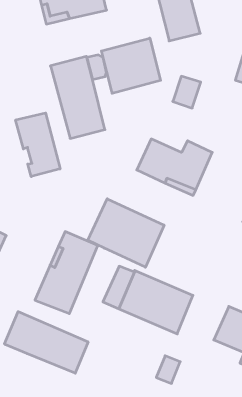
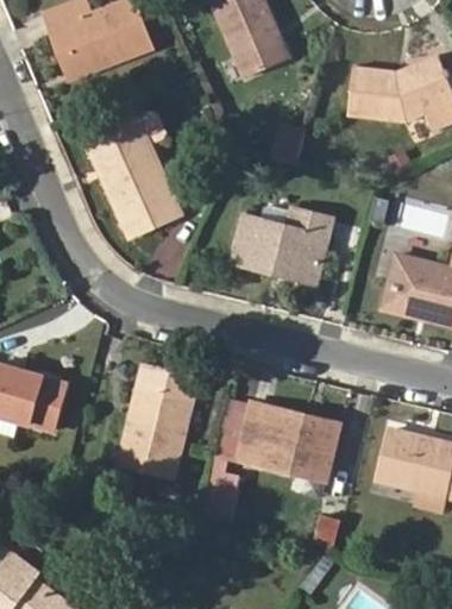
building: [101,38,161,93] -> none
building: [16,113,60,177] -> none
building: [88,199,164,267] -> none
building: [4,312,88,373] -> none

